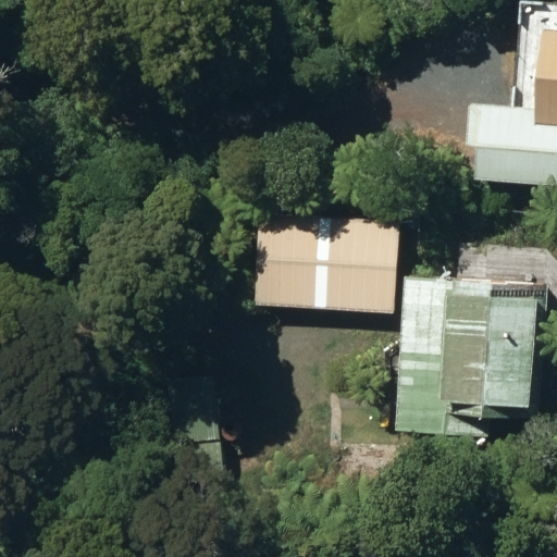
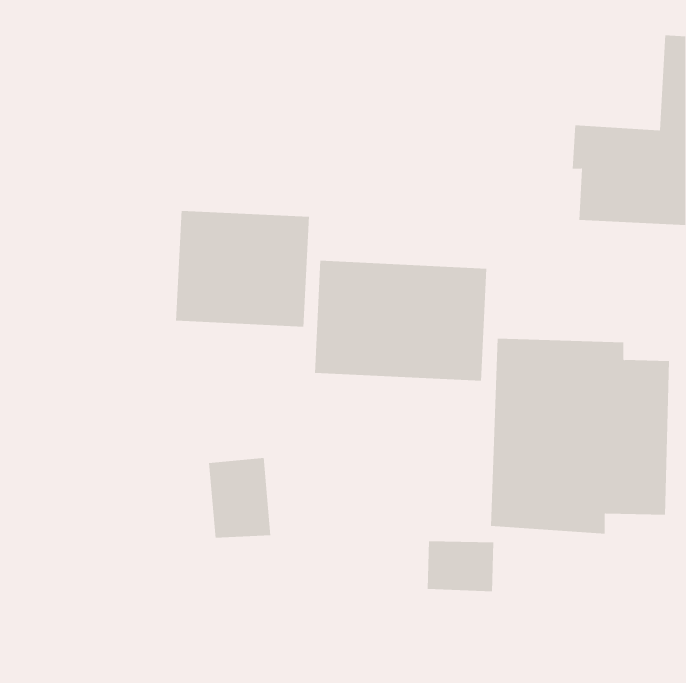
building: none -> [176,210,309,327]

